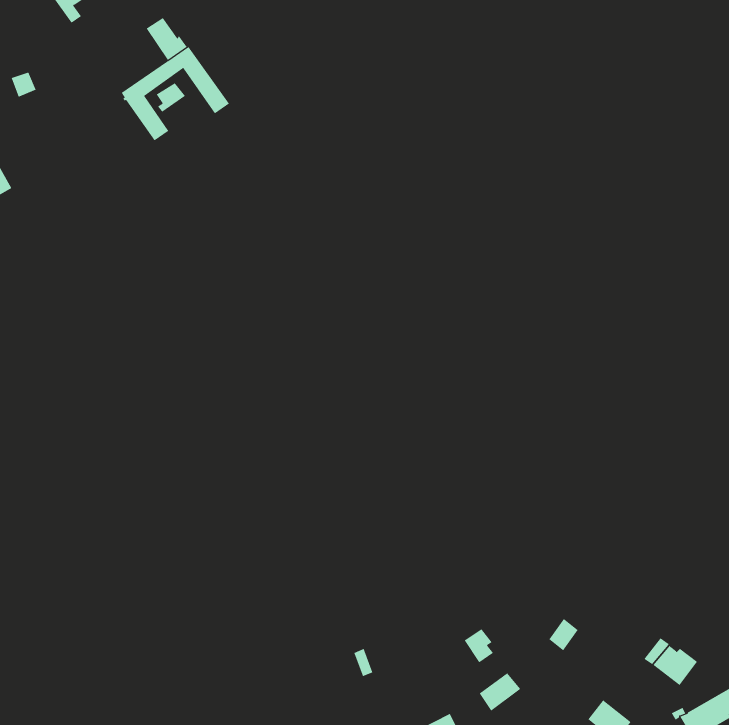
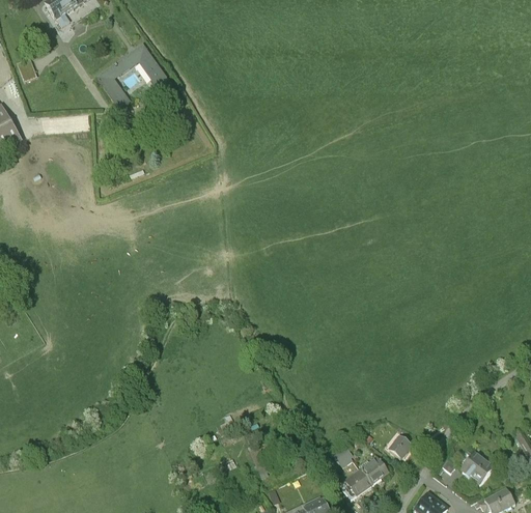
building: [146,17,188,61] -> none
building: none -> [359,456,388,484]

